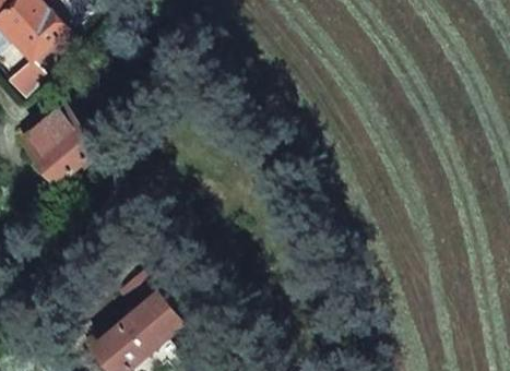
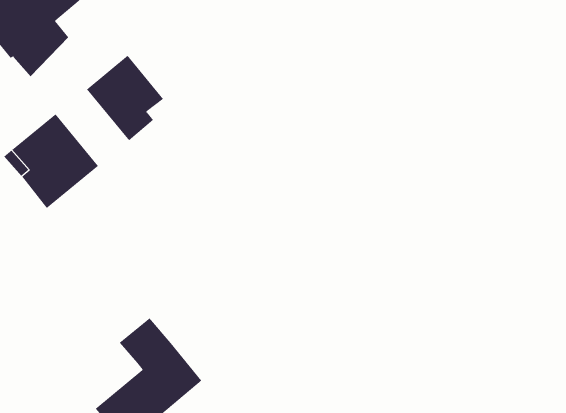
building: none -> [86,55,164,141]

